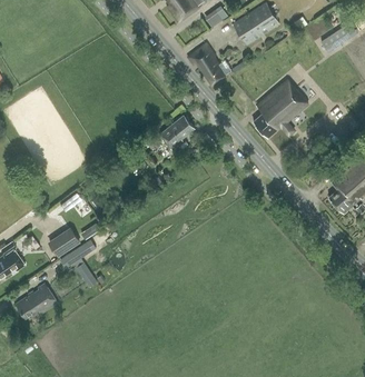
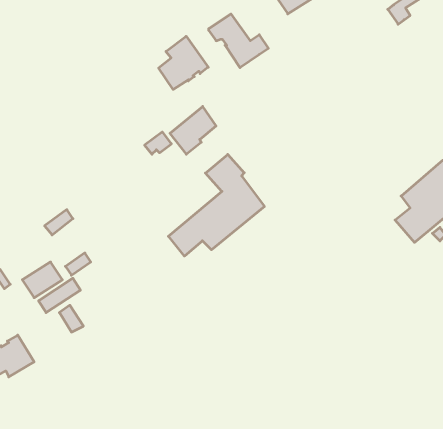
building: none -> [159,36,208,89]
building: [254,79,308,138] -> none
building: none -> [168,154,264,256]

